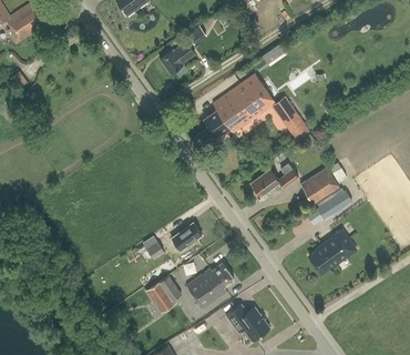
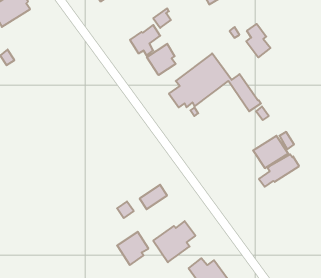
building: none -> [246,24,270,57]
building: none -> [147,44,176,75]
building: [250,163,298,195] -> none
building: [309,230,356,273] -> none

